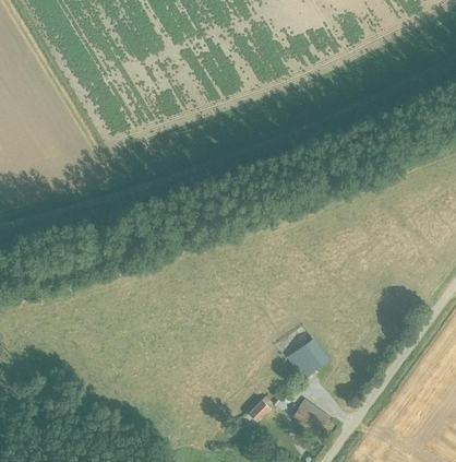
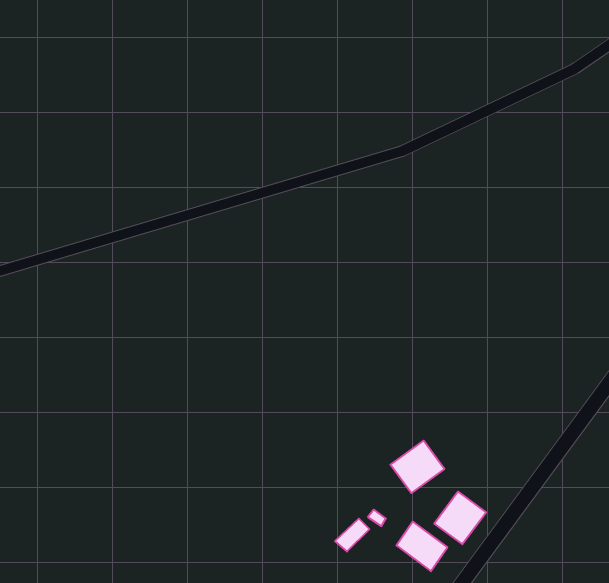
building: none -> [434,492,486,544]

